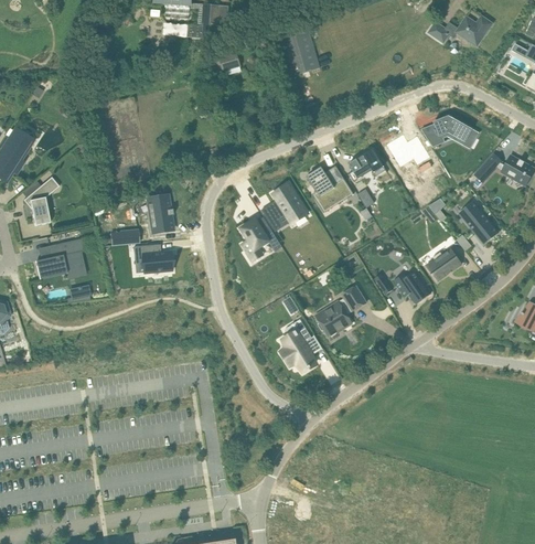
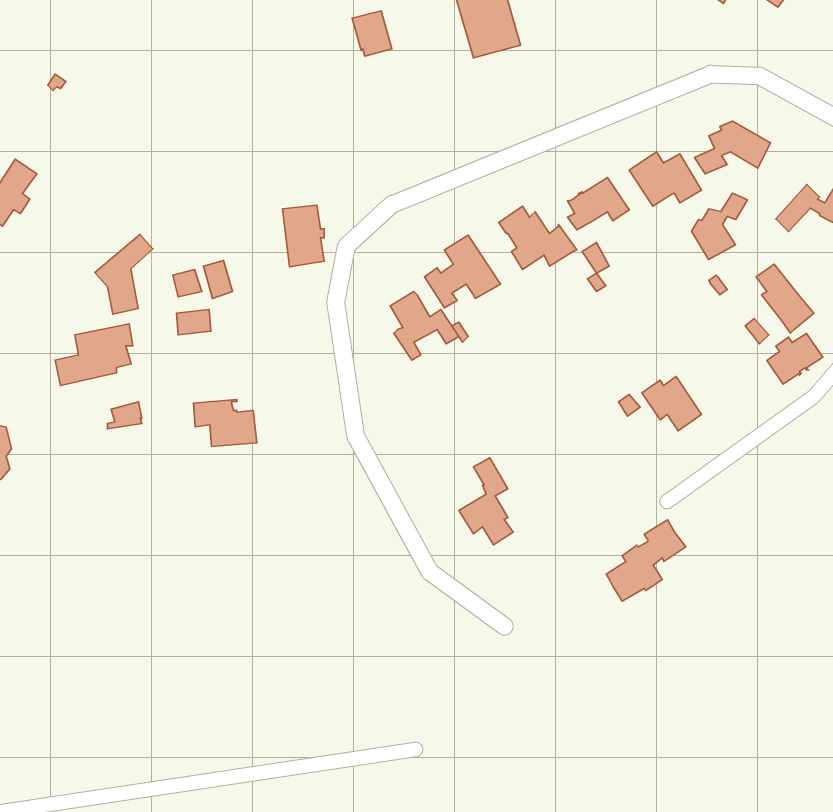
building: none -> [691,193,747,260]
building: [23,177,58,225] -> [95,234,153,314]
building: [147,194,172,232] -> [282,205,324,267]
building: [133,244,172,273] -> [194,400,257,447]
building: [427,249,461,280] -> [767,333,823,384]
building: [318,286,366,335] -> [606,520,686,601]

